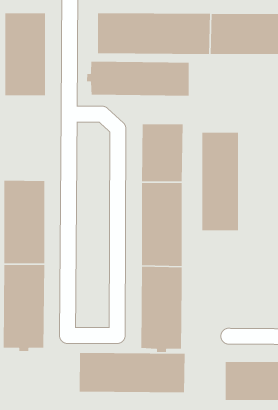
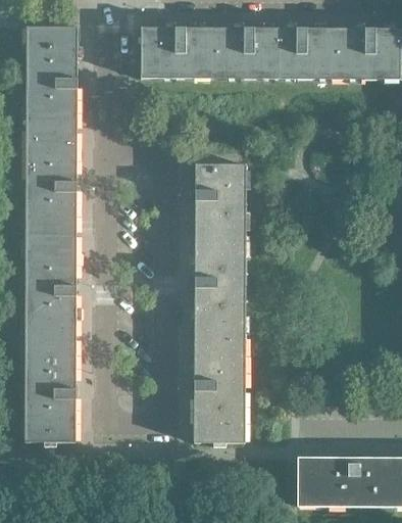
building: [86,61,189,96] -> none
building: none -> [26,130,78,234]
building: [201,132,239,231] -> none
building: [79,352,185,393] -> none

